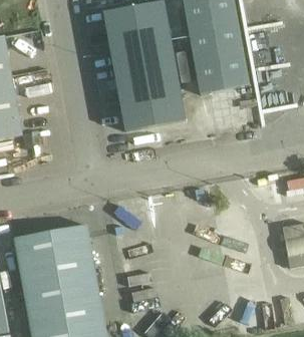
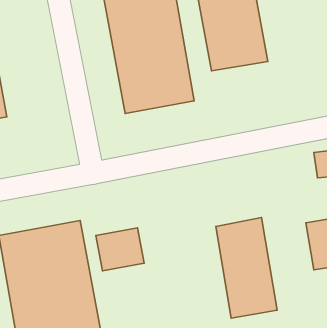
building: none -> [216,218,277,318]
building: none -> [96,228,144,271]

